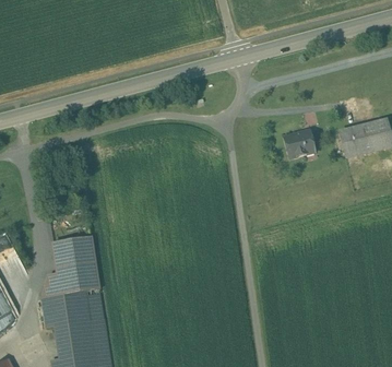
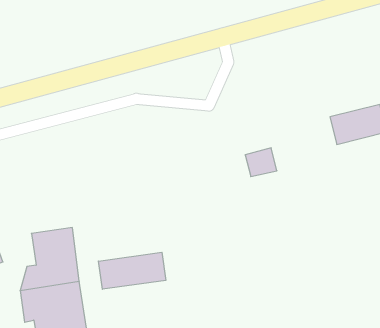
building: [284,129,314,156] -> [245,148,277,177]
building: none -> [98,252,166,289]

